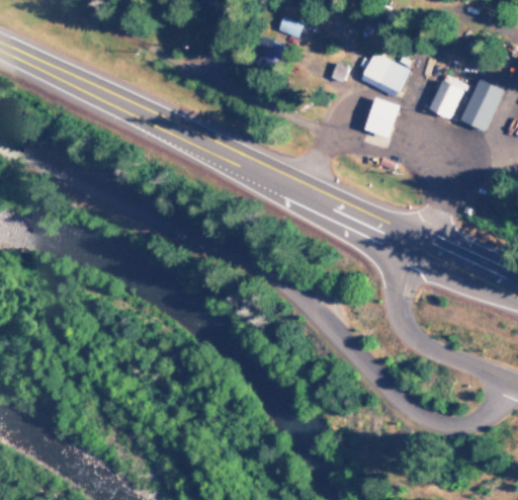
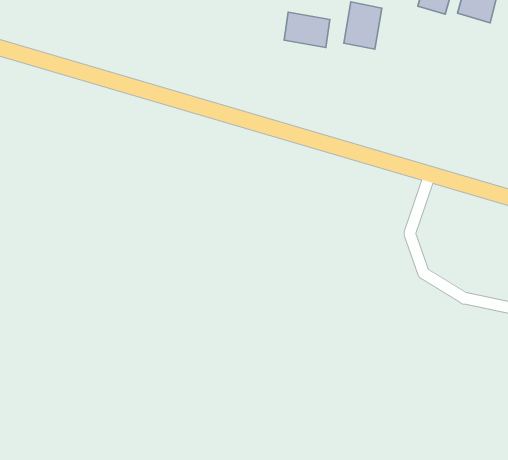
building: none -> [284,12,330,47]

